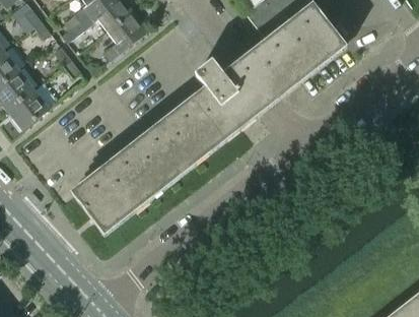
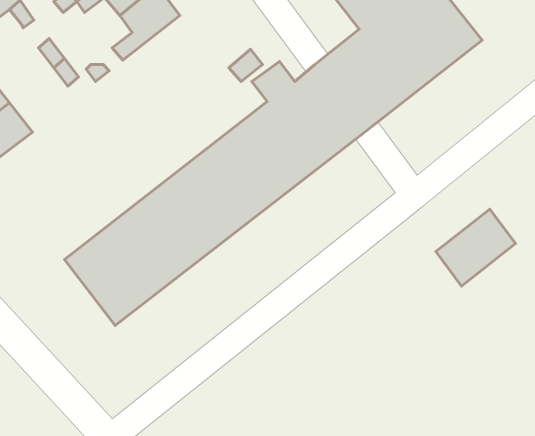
building: none -> [436,209,515,286]

